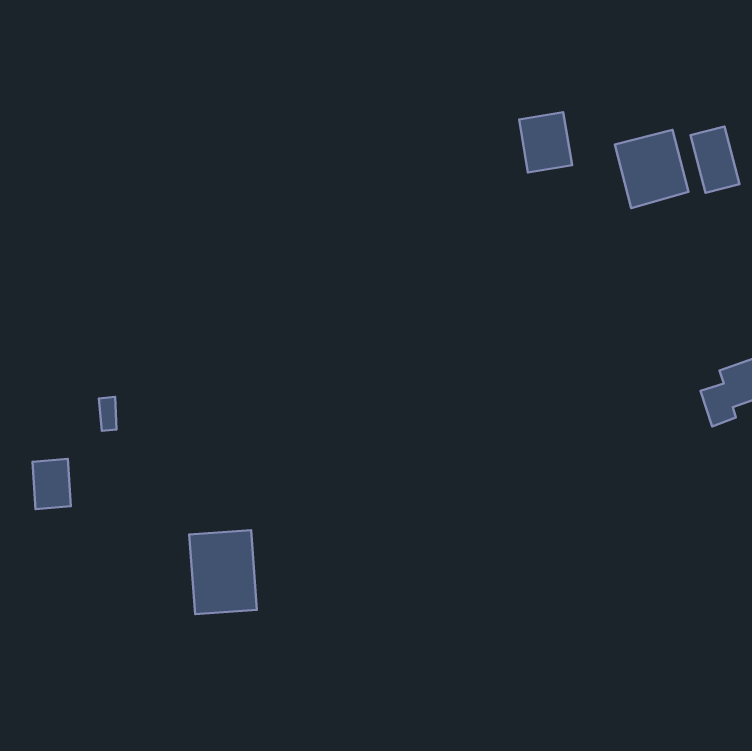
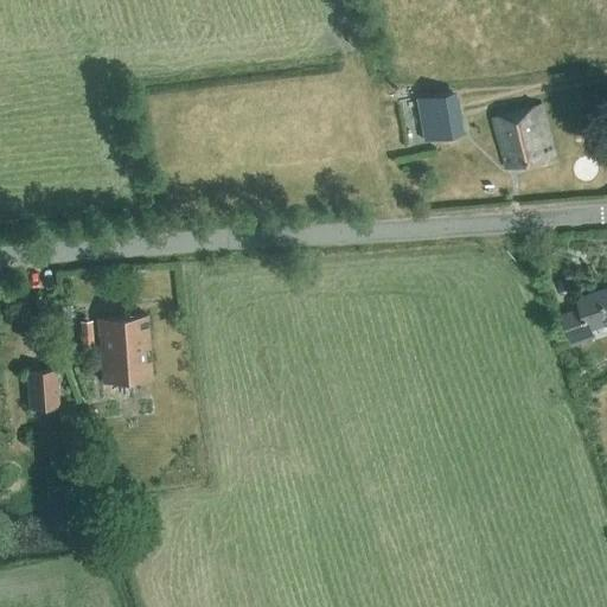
building: [691,126,739,193] -> none
building: [189,530,257,614] -> [98,317,153,384]

